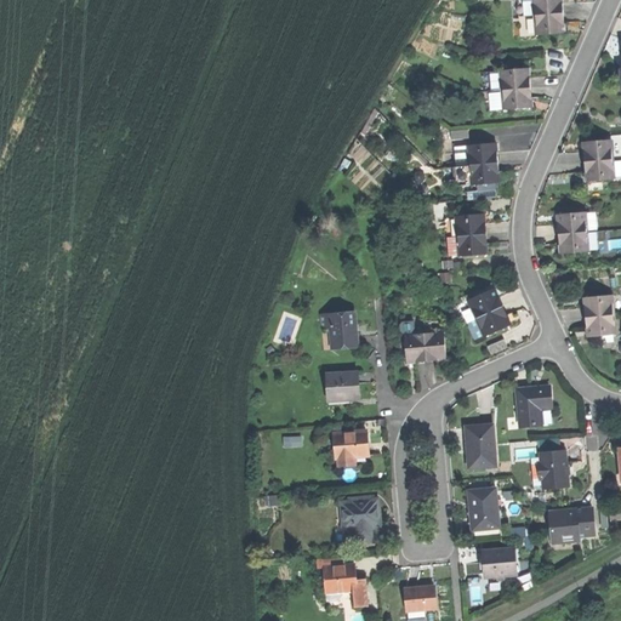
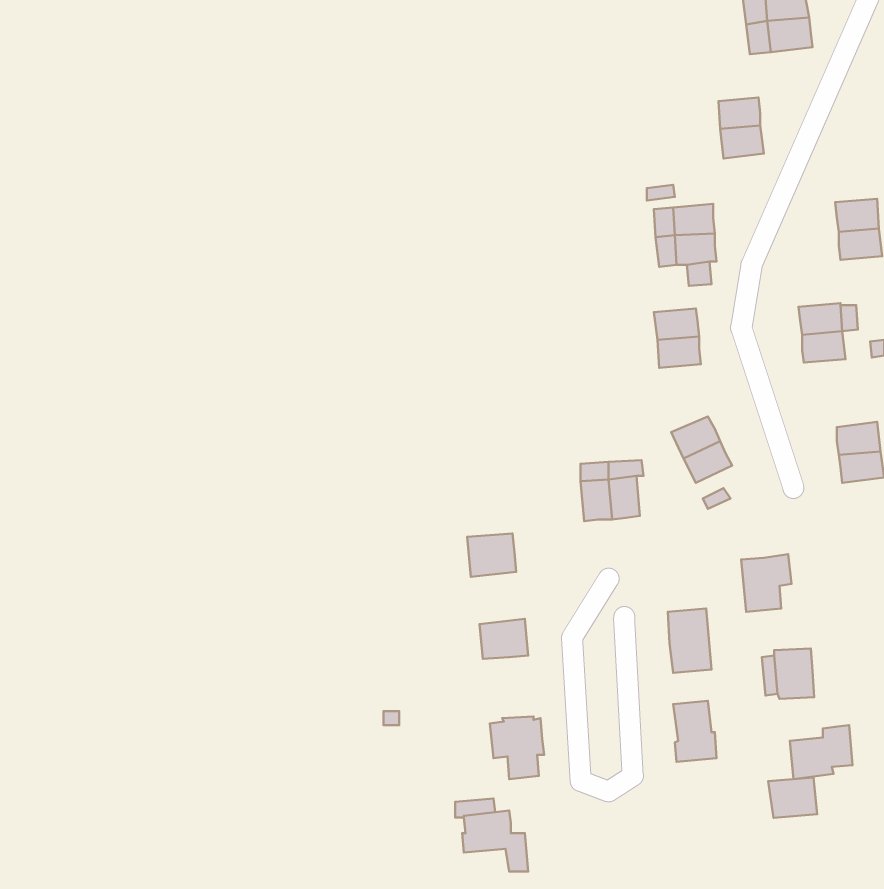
building: [319,313,355,351] -> none
building: [482,548,515,576] -> [768,778,817,818]
building: [405,586,438,611] -> none

